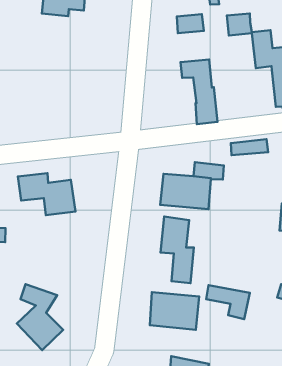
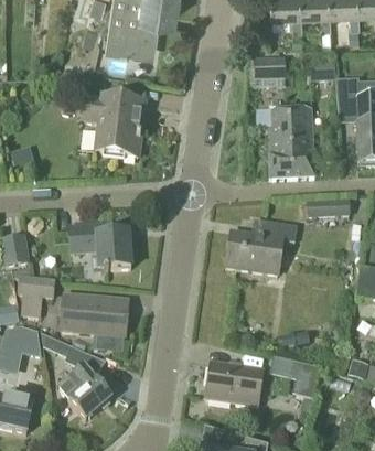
building: none -> [288,106,315,176]
building: none -> [85,96,144,157]
building: [161,217,194,283] -> none
building: none -> [61,294,128,336]

